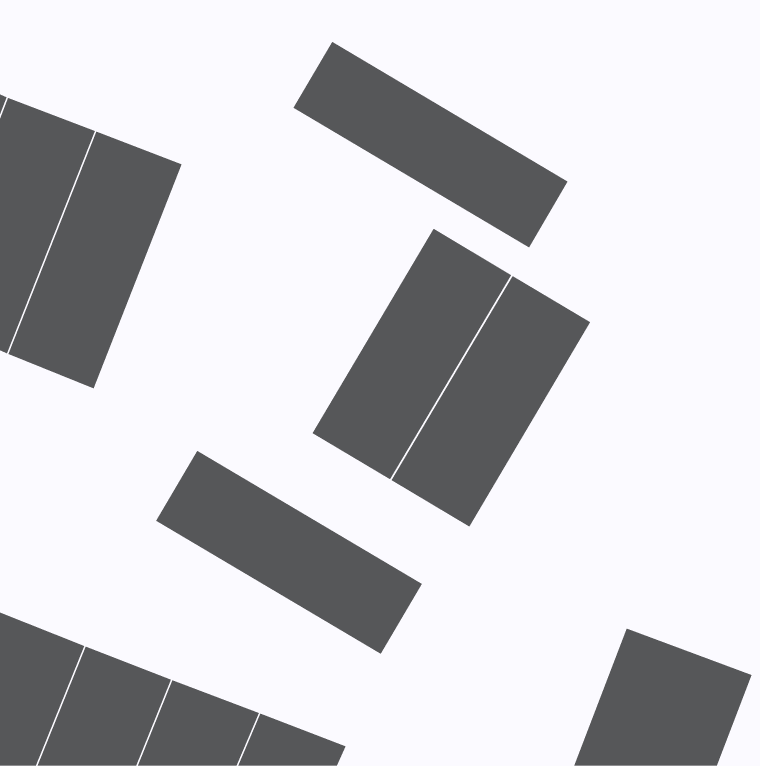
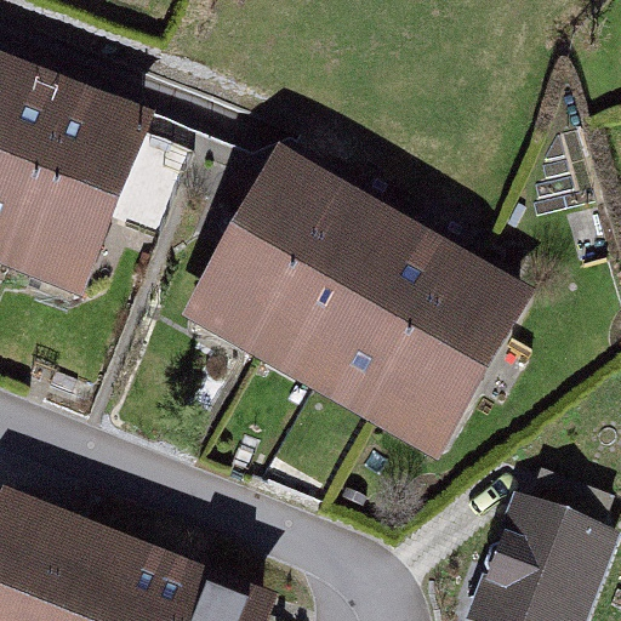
building: [293,41,569,248] -> none
building: none -> [184,146,346,346]
building: none -> [375,257,535,458]
building: [155,450,423,655] -> none

